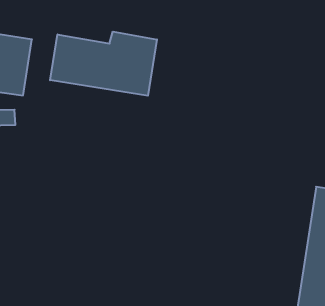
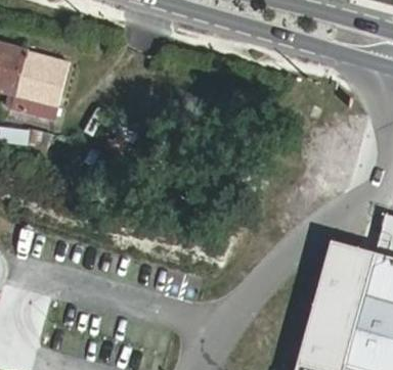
building: [50,32,157,96] -> none

